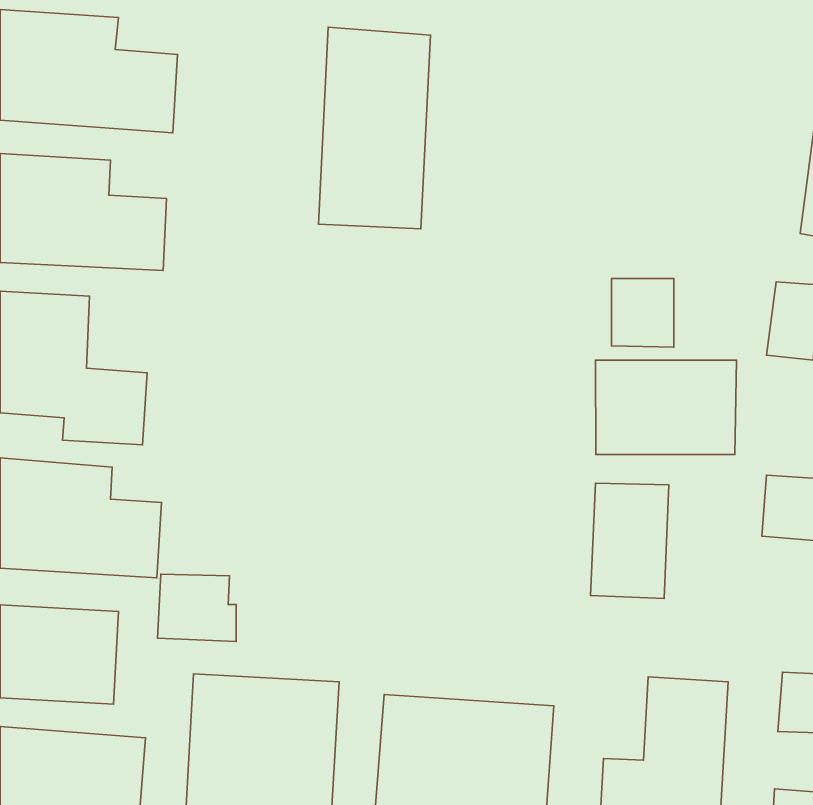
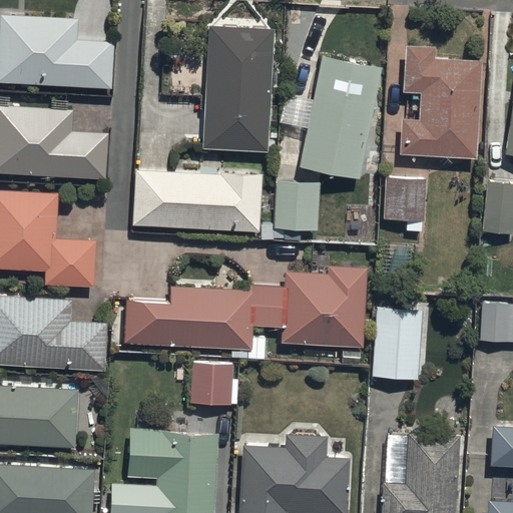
building: none -> [299,55,380,178]
building: none -> [399,55,481,157]
building: none -> [131,169,263,232]
building: none -> [276,183,322,234]
building: [596,360,737,455] -> none
building: none -> [122,267,364,354]
building: [158,574,236,641] -> [190,366,239,408]

